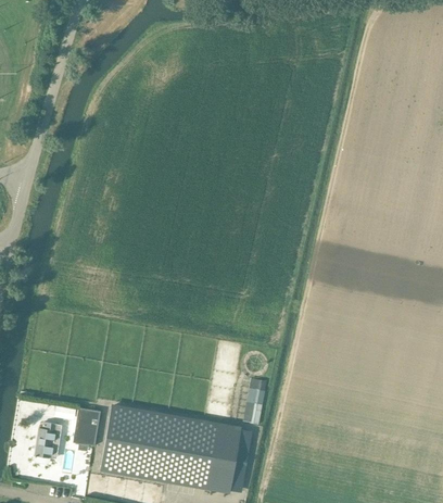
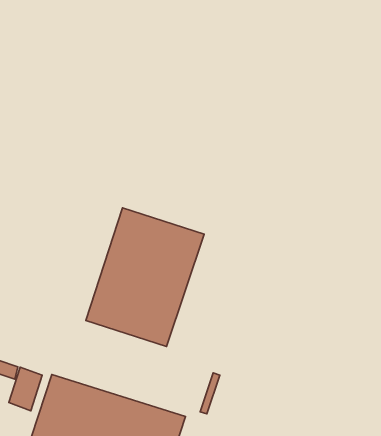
building: none -> [86,208,204,347]

